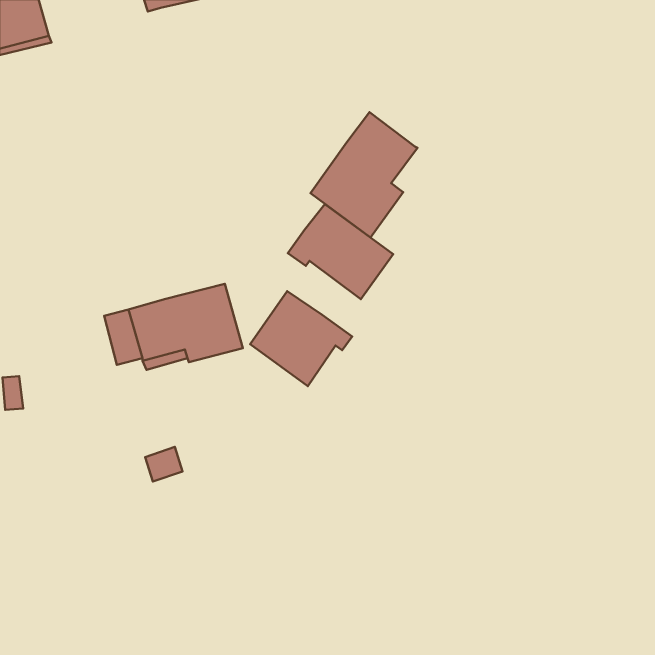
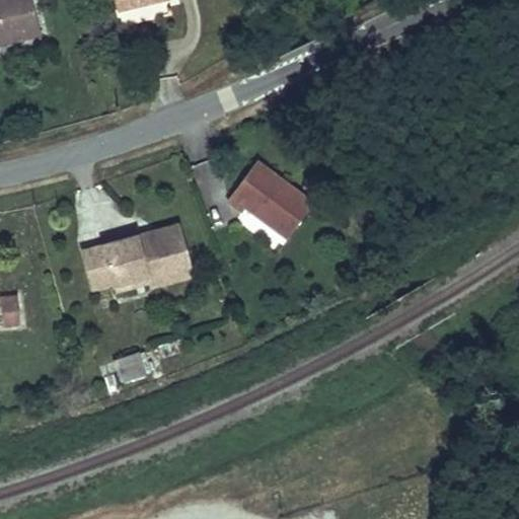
building: [310,112,417,238] -> none
building: [250,291,352,386] -> none

